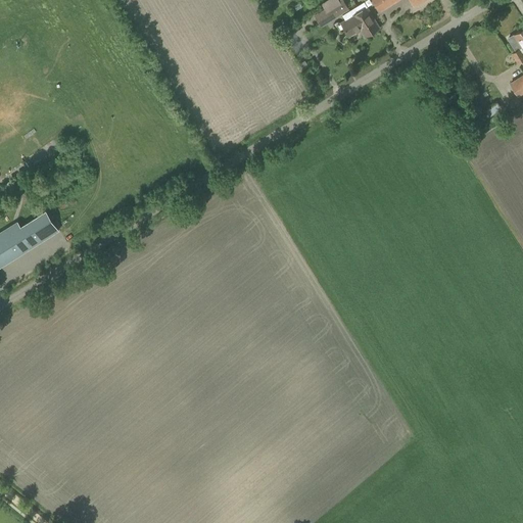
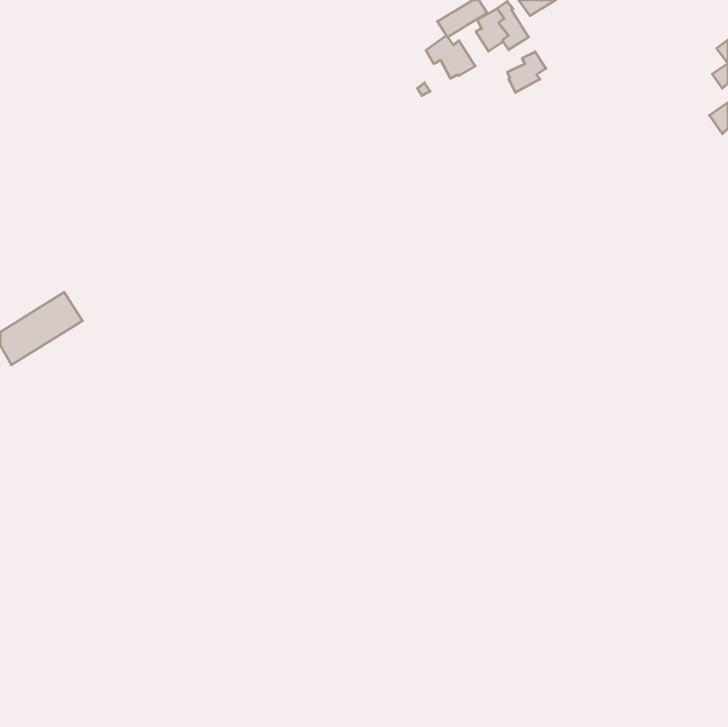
building: none -> [426,35,475,78]
building: none -> [507,52,546,93]

